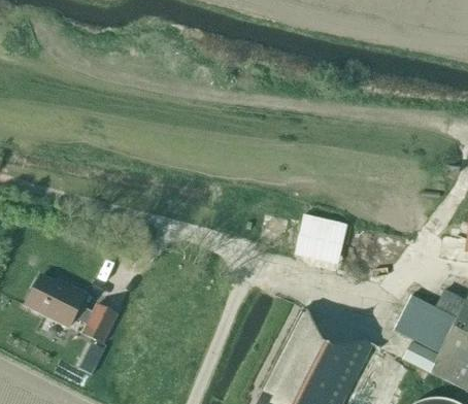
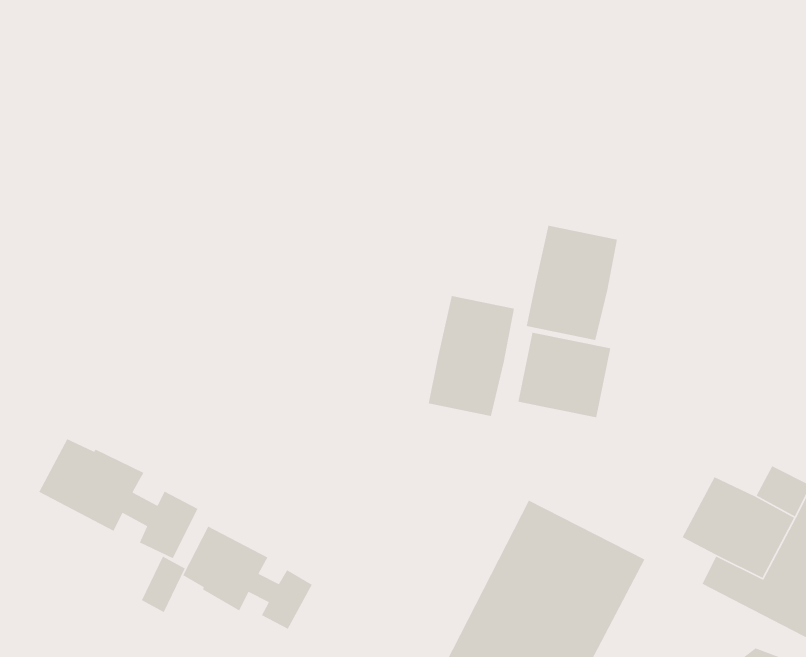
building: none -> [526,225,618,341]
building: none -> [428,295,515,417]
building: none -> [182,526,313,630]

